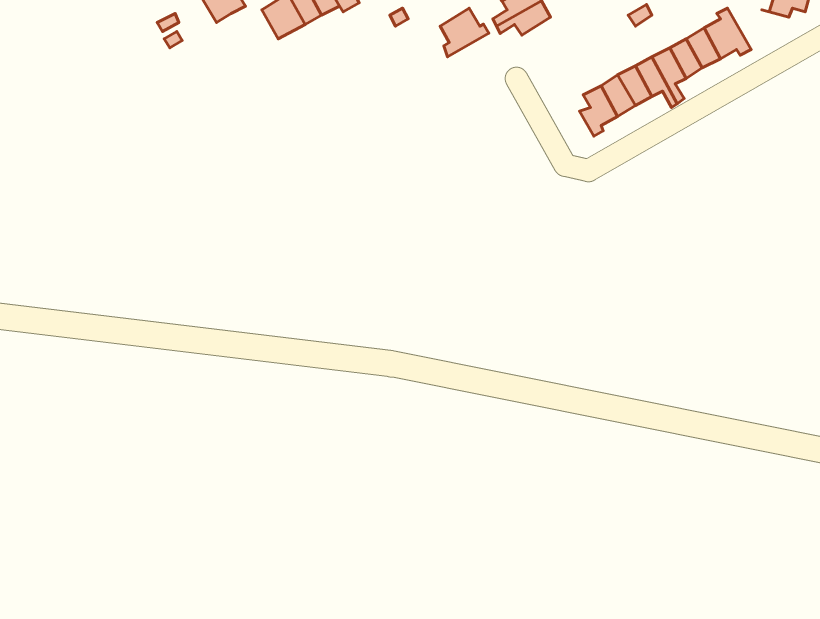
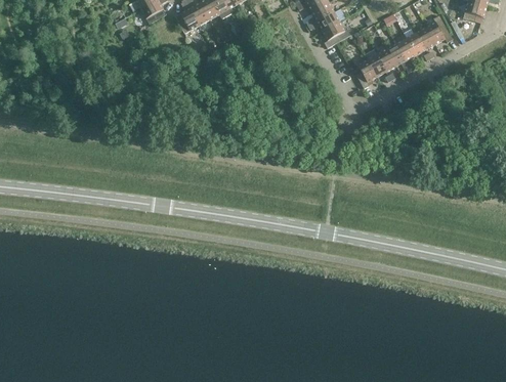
building: [440,8,489,57] -> [322,19,349,47]

